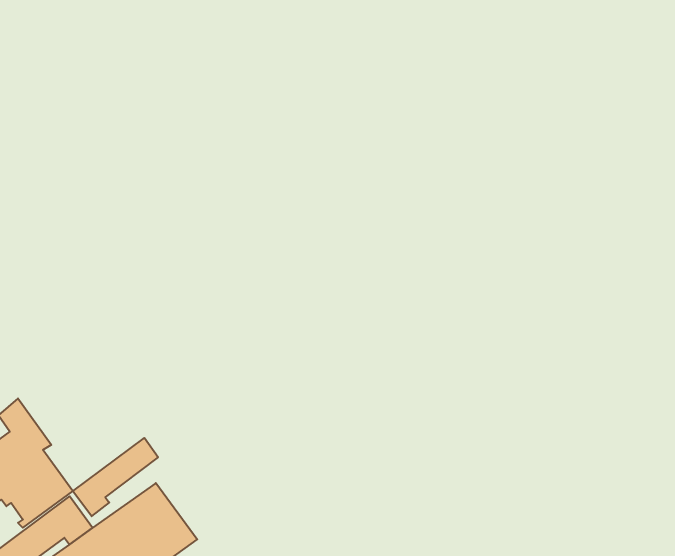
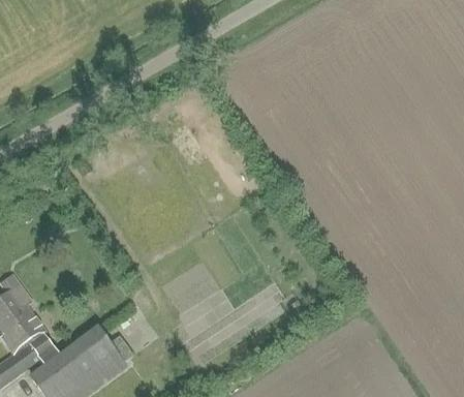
building: [73,438,158,516] -> none

